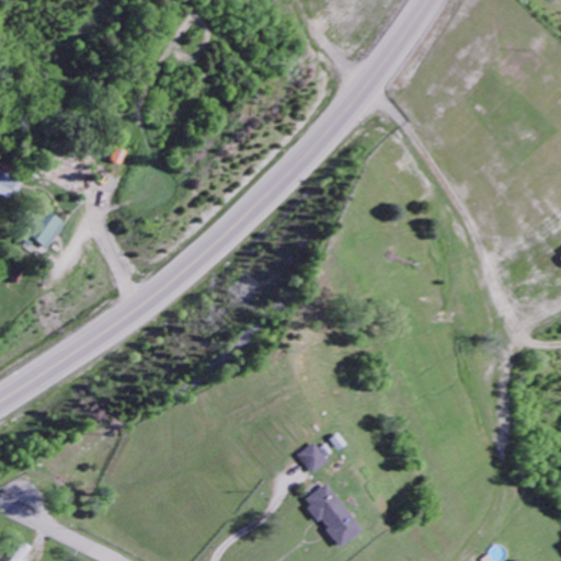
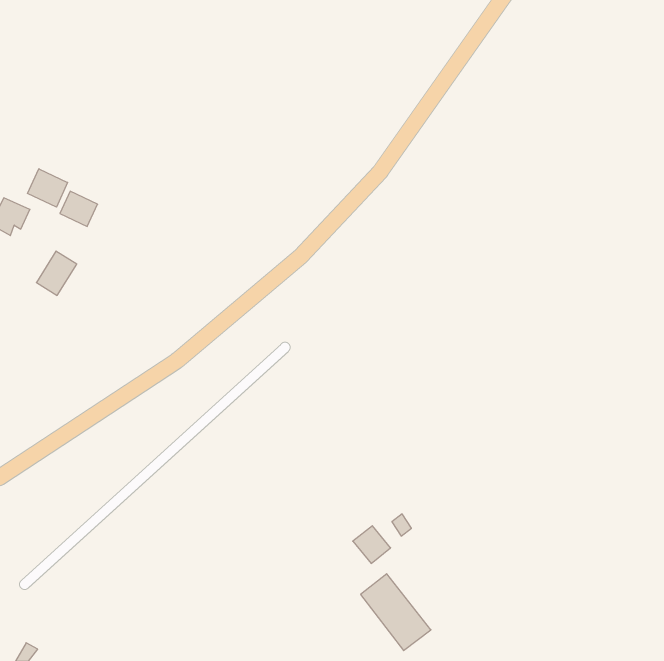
building: none -> [28,169,68,207]

